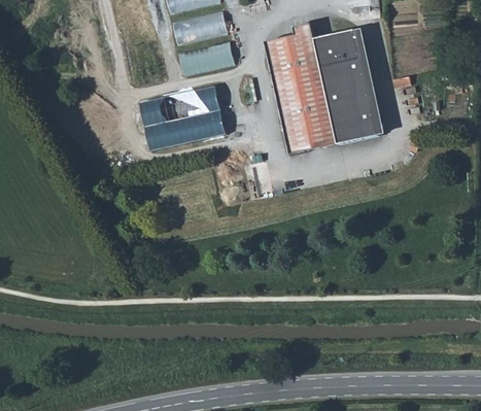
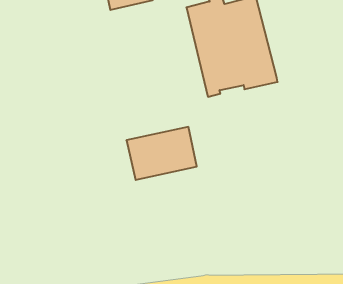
building: [175,40,235,77] -> none
building: [138,85,226,151] -> [126,127,197,180]

